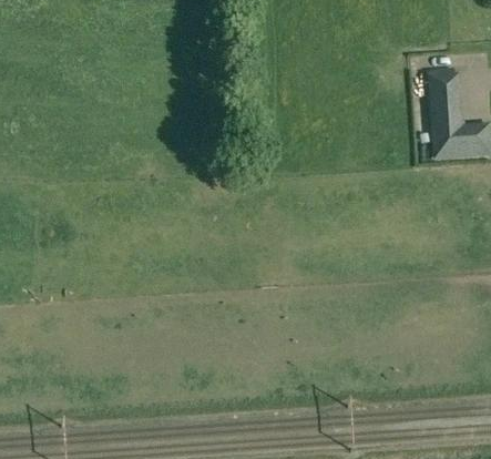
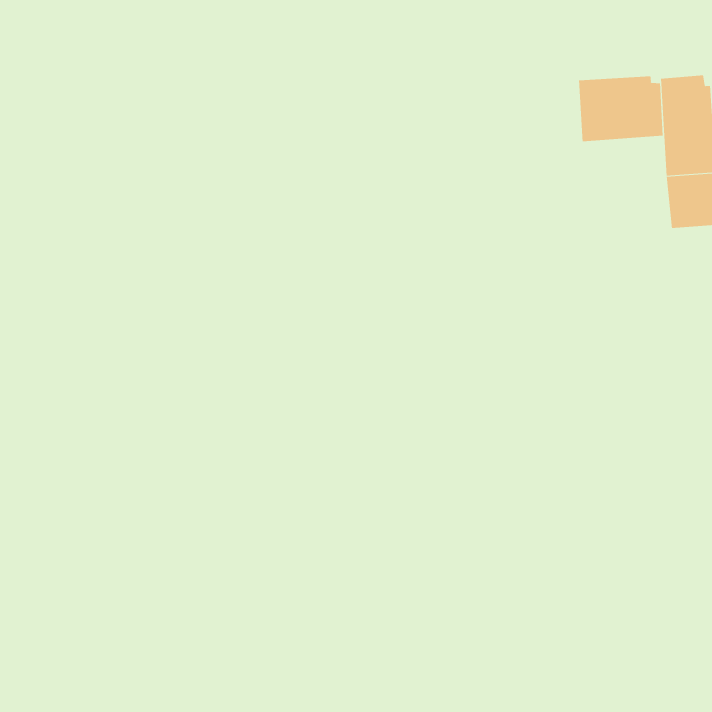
building: none -> [578,75,663,142]

